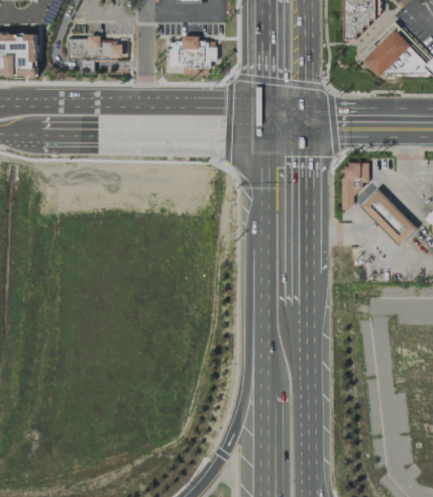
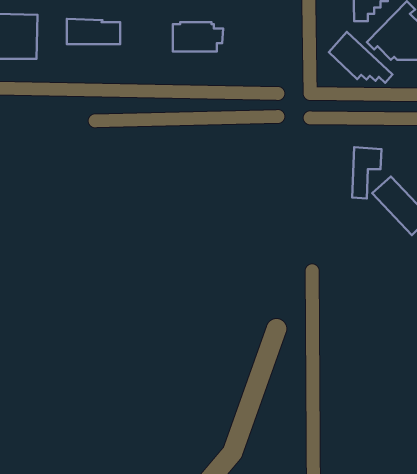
building: none -> [329,32,392,83]

